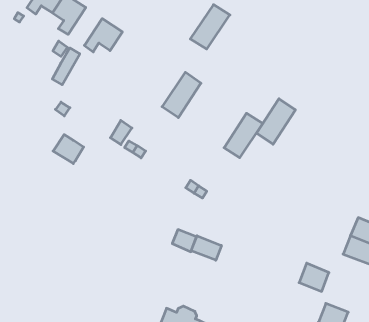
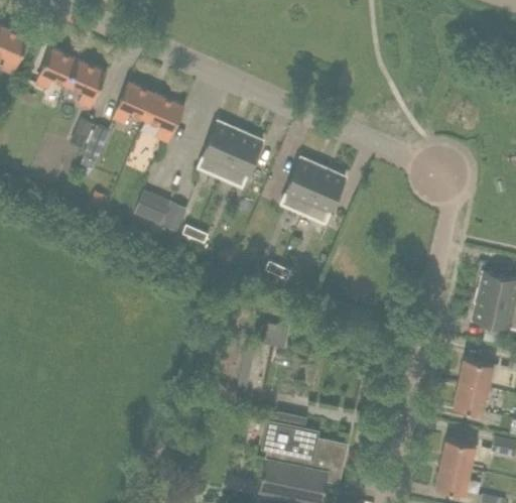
building: [190,5,230,49] -> [198,122,241,177]
building: none -> [145,95,184,143]
building: [257,99,295,144] -> [281,158,324,215]
building: [53,135,84,164] -> [134,192,170,225]
building: [191,236,221,260] -> none
building: [299,263,329,291] -> [459,358,493,389]

